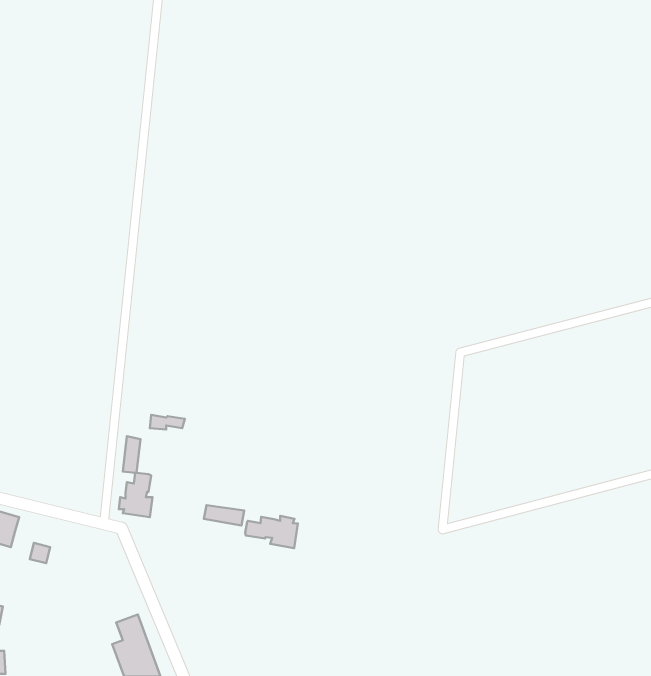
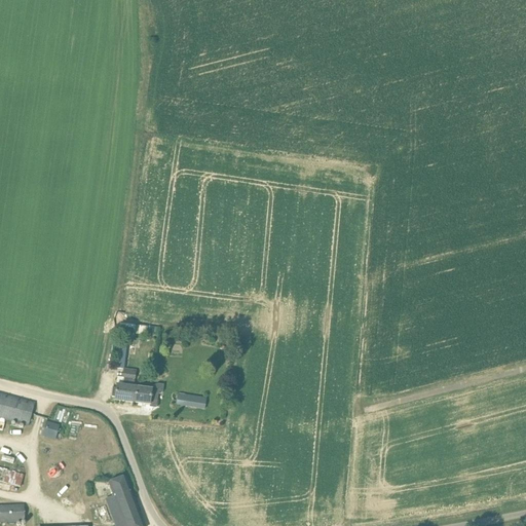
building: none -> [134,382,162,406]
building: [245,516,298,548] -> none

